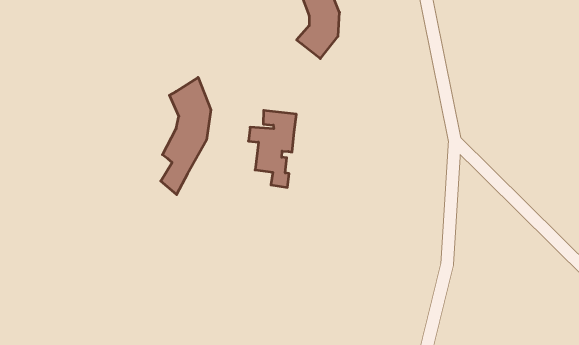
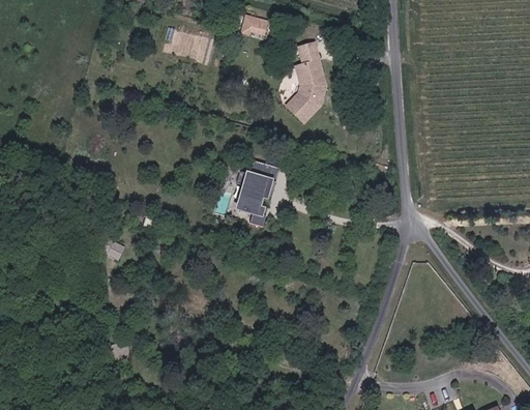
building: [161,77,211,195] -> none

